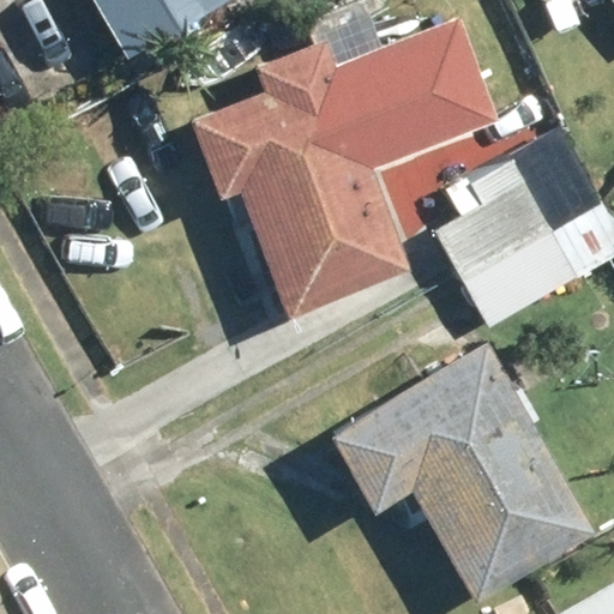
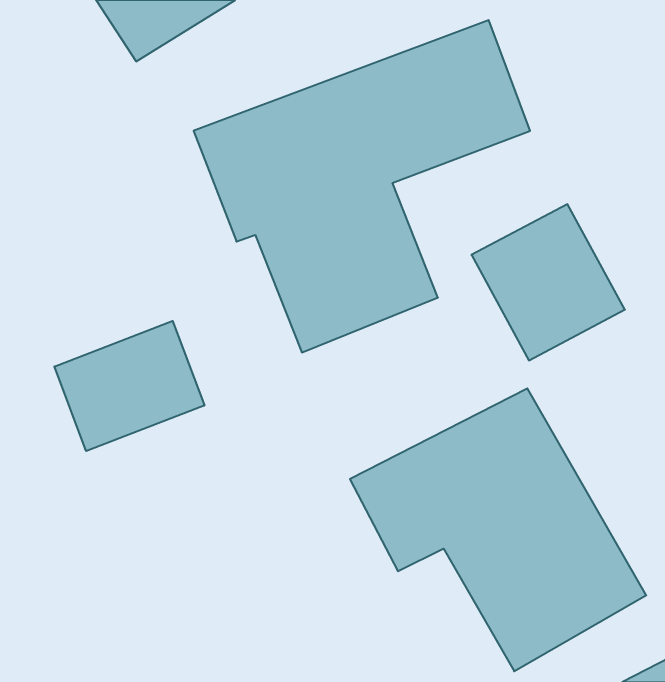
building: none -> [54,321,204,451]

